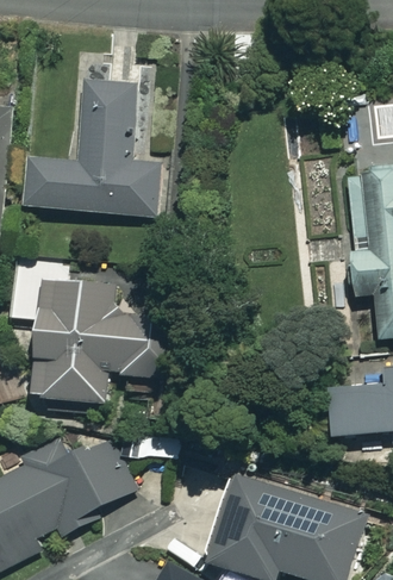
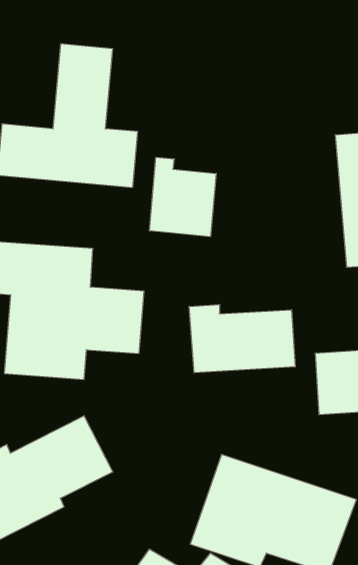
building: none -> [150,157,216,237]
building: none -> [189,304,295,373]

